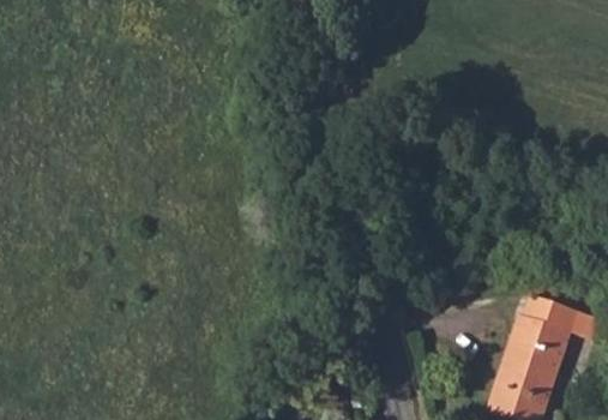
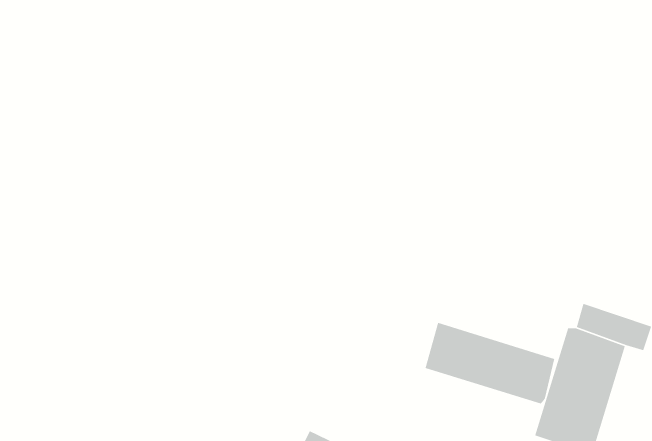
building: none -> [425,322,555,404]

